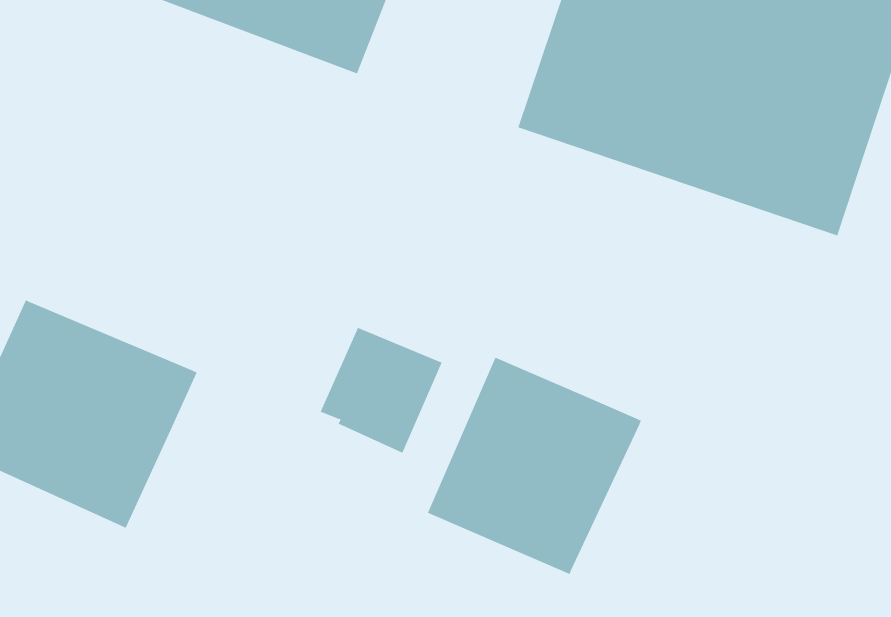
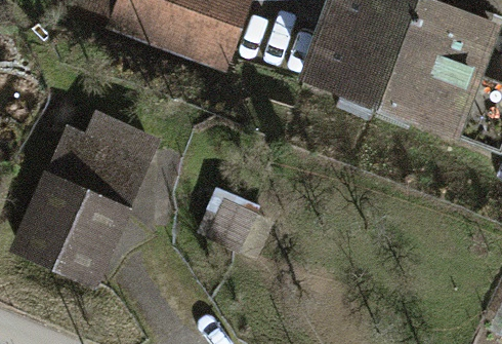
building: none -> [51,113,167,213]
building: [427,357,642,575] -> none

